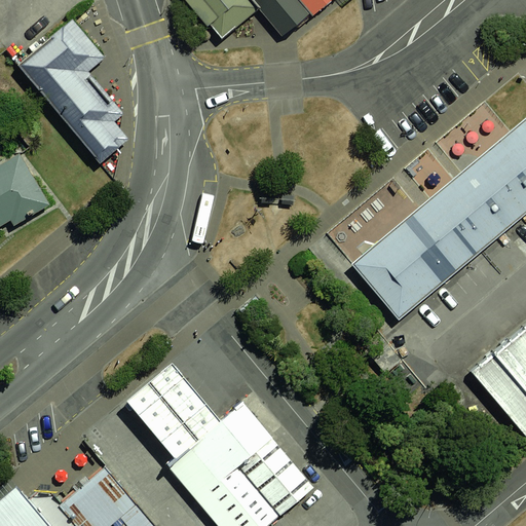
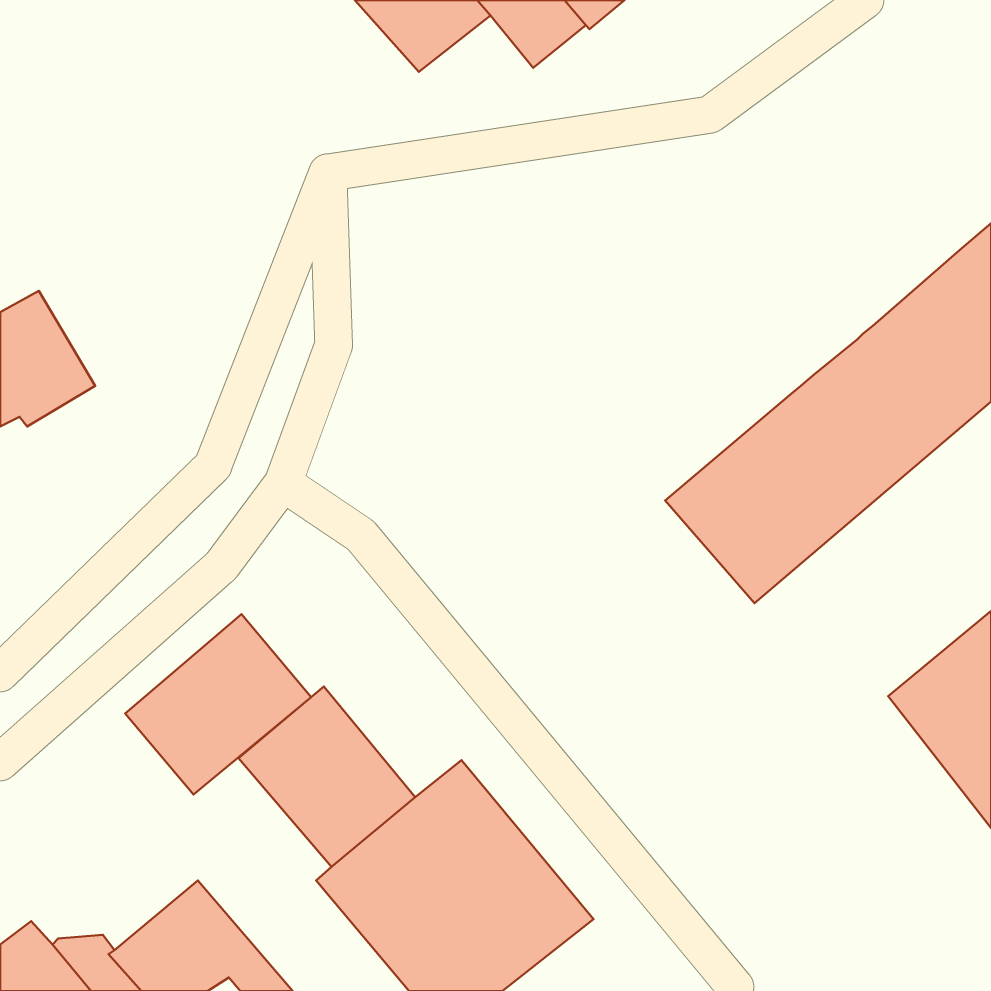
building: [18,20,129,163] -> none
building: none -> [125,614,311,794]

